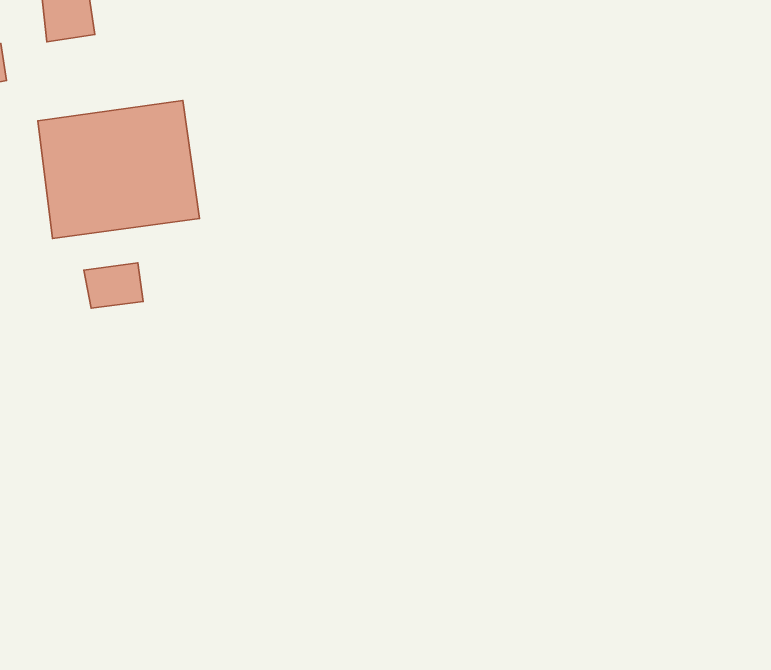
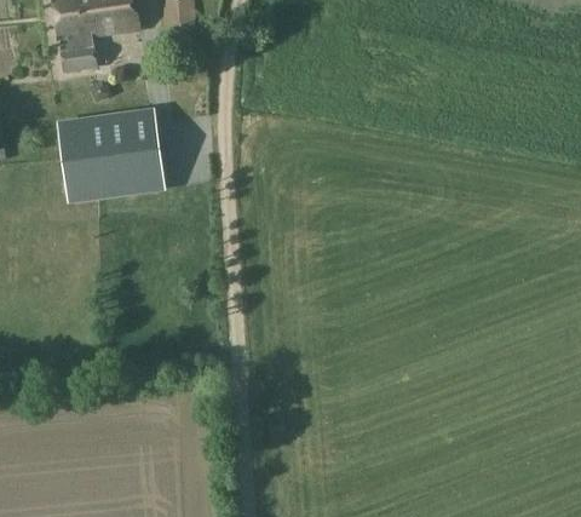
building: [84,263,143,308] -> none

